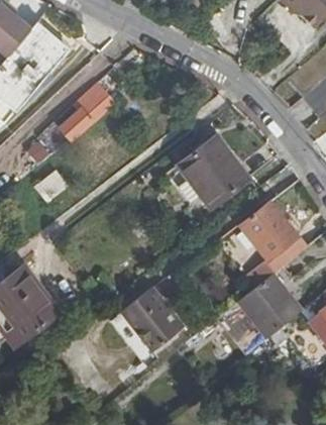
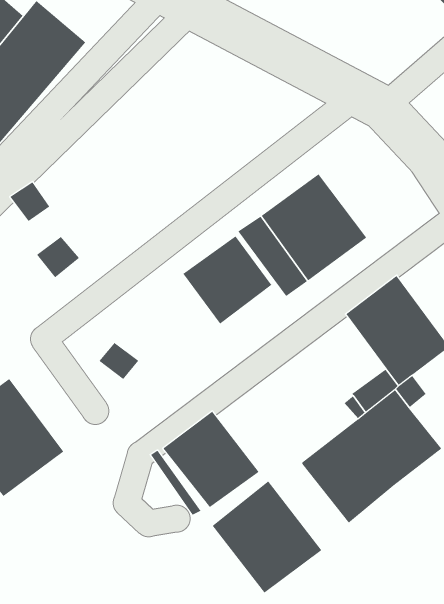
building: [64,83,113,134] -> none
building: none -> [183,236,272,325]
building: none -> [212,480,322,593]

